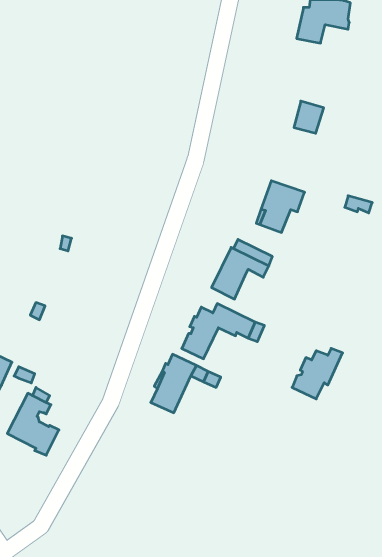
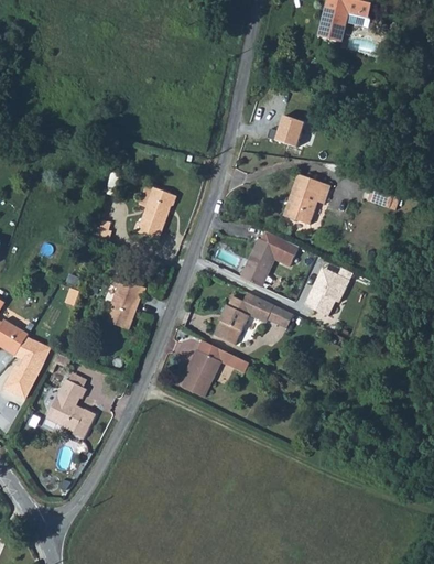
building: [294,101,324,133] -> [274,113,303,144]
building: none -> [134,187,178,241]
building: none -> [107,276,144,329]
building: [292,348,343,399] -> [304,268,352,316]

